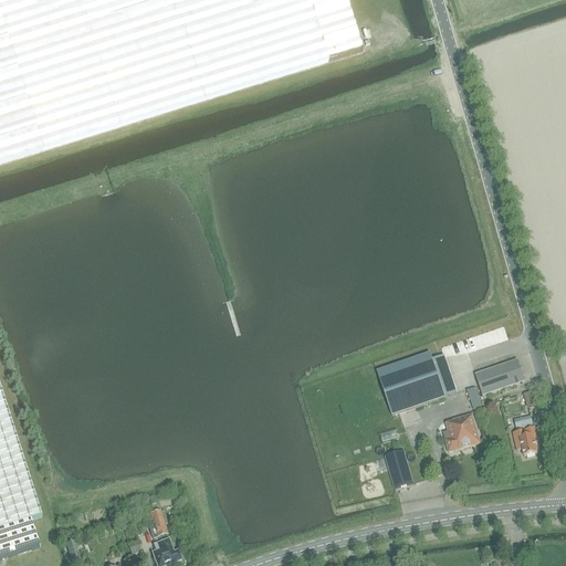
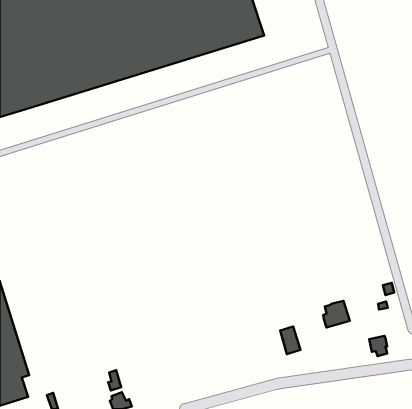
building: [376,349,444,411] -> none
building: [474,357,523,391] -> none
building: [512,424,536,452] -> [369,336,387,356]

